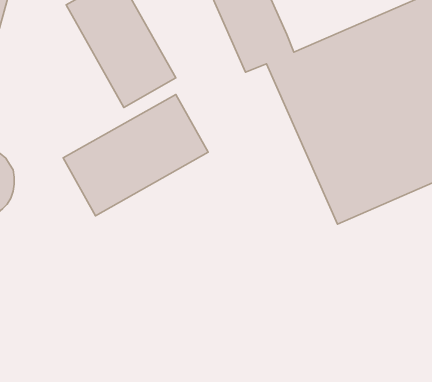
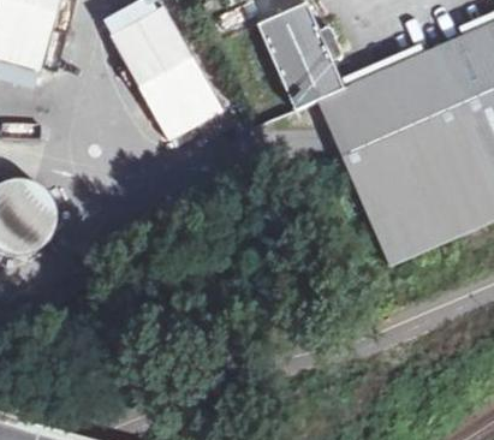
building: [63,94,208,216] -> none

